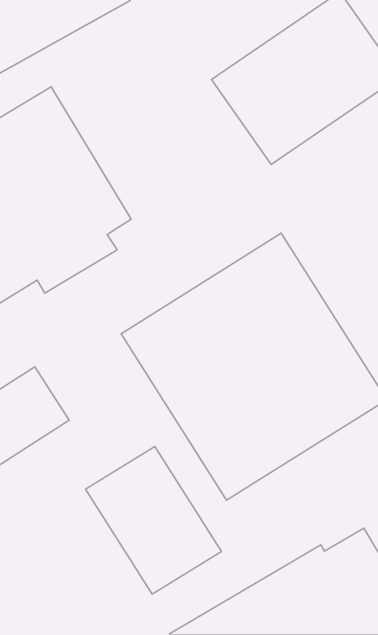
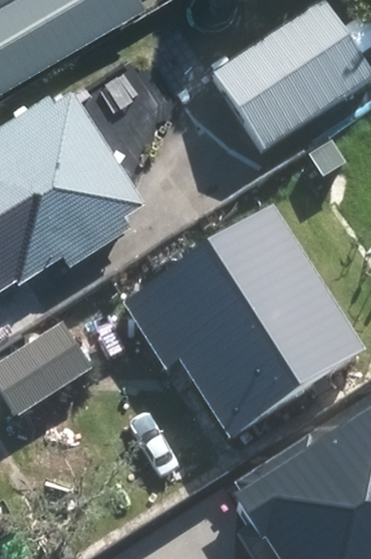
building: [86,446,221,594] -> none

